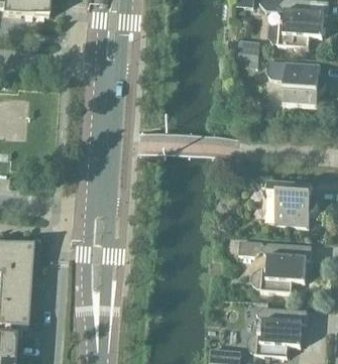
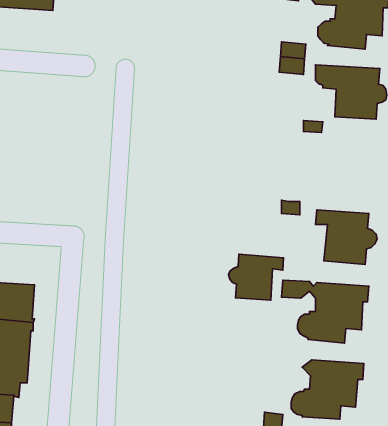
building: none -> [229,254,284,300]

